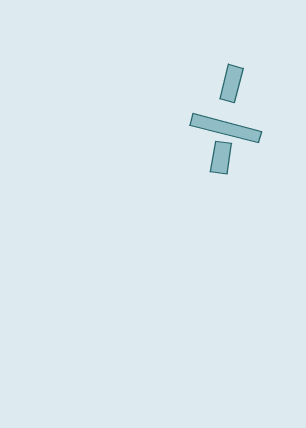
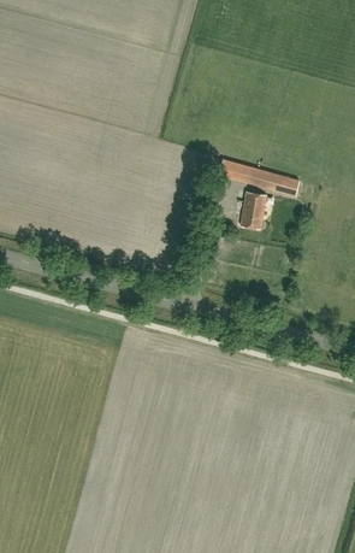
building: [220,64,243,103] -> none

